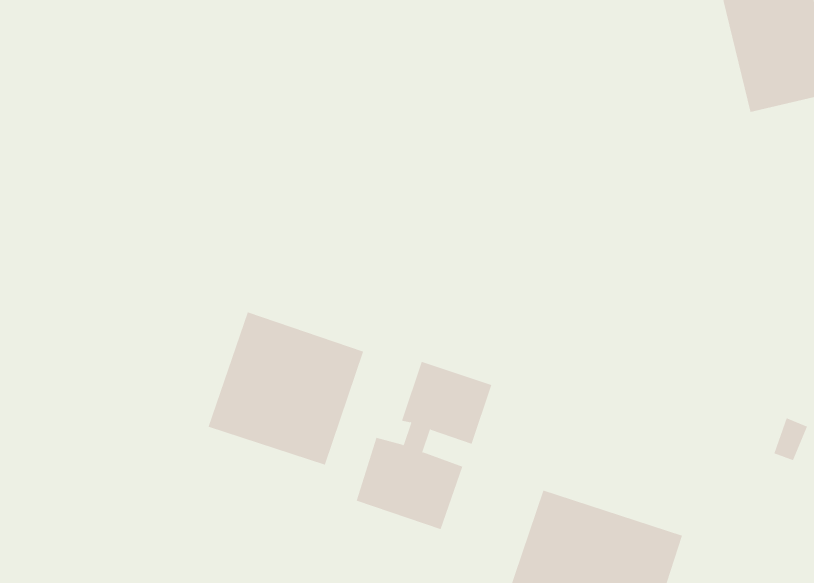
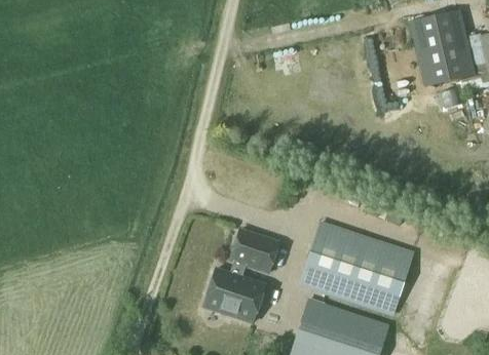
building: [208,312,364,466] -> none
building: none -> [301,223,415,316]

